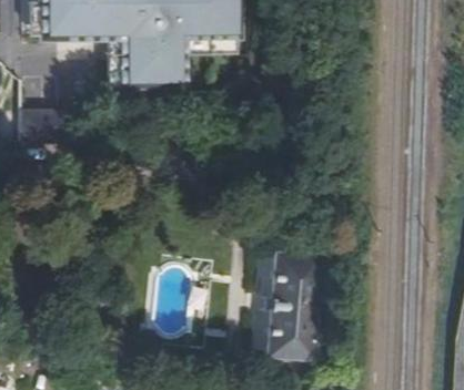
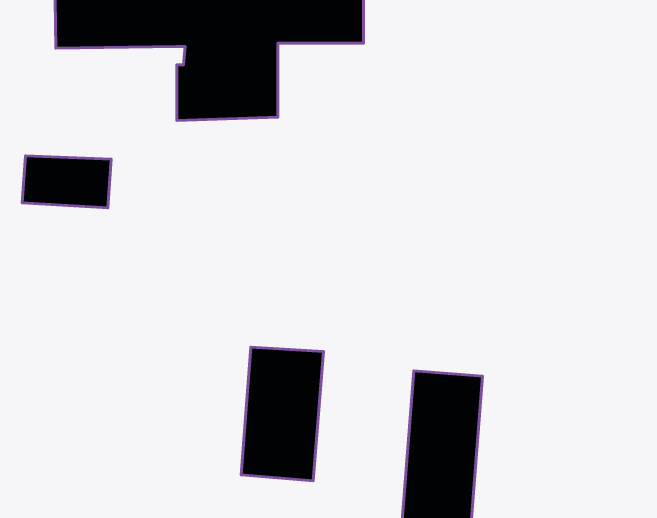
building: none -> [241,347,323,481]

